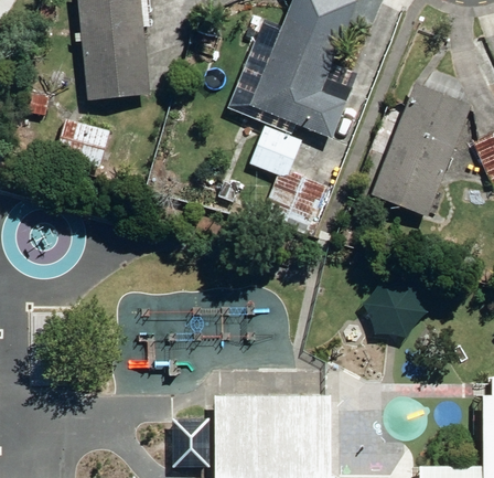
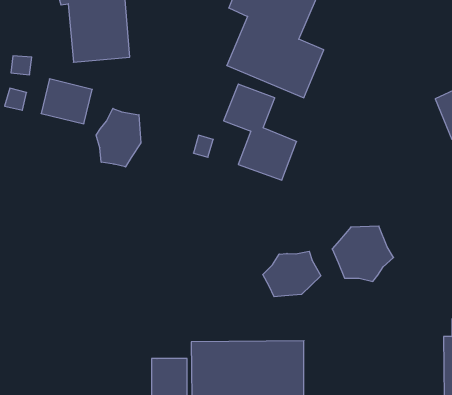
building: [372,83,472,216] -> none
building: none -> [96,108,141,167]
building: none -> [263,251,321,297]

